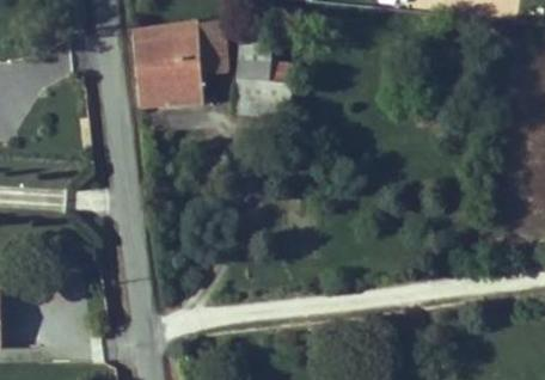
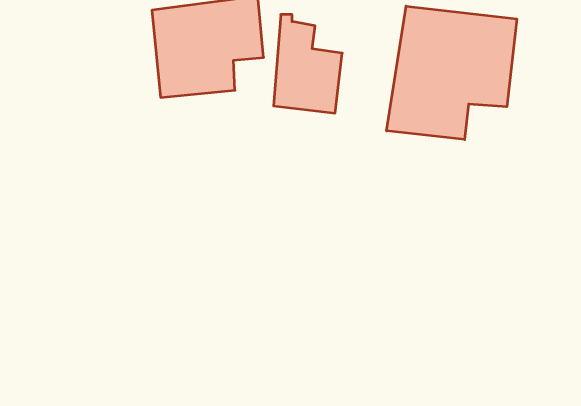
building: none -> [387,6,517,140]

